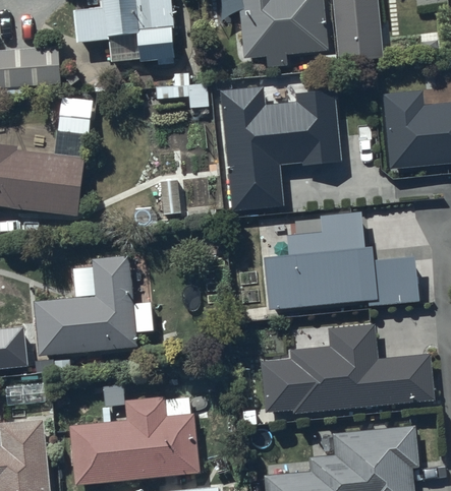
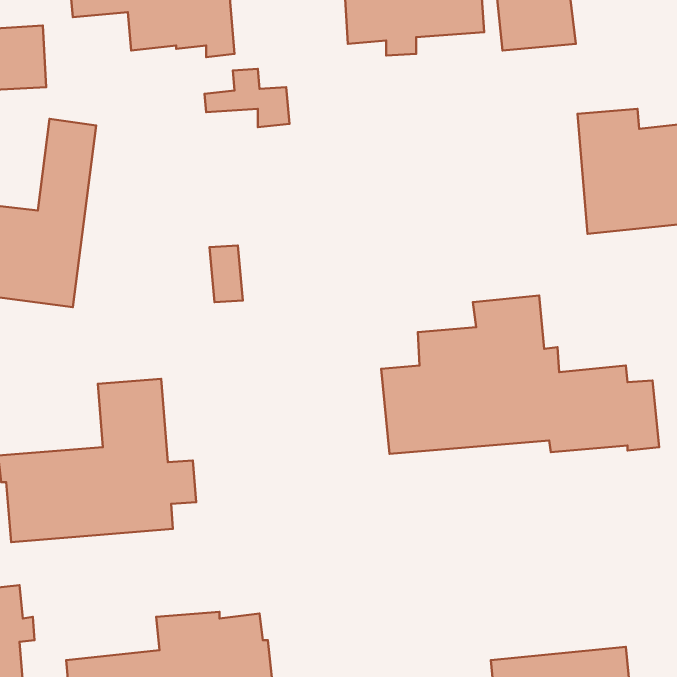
building: [219,79,340,210] -> none
building: [262,322,434,411] -> none

